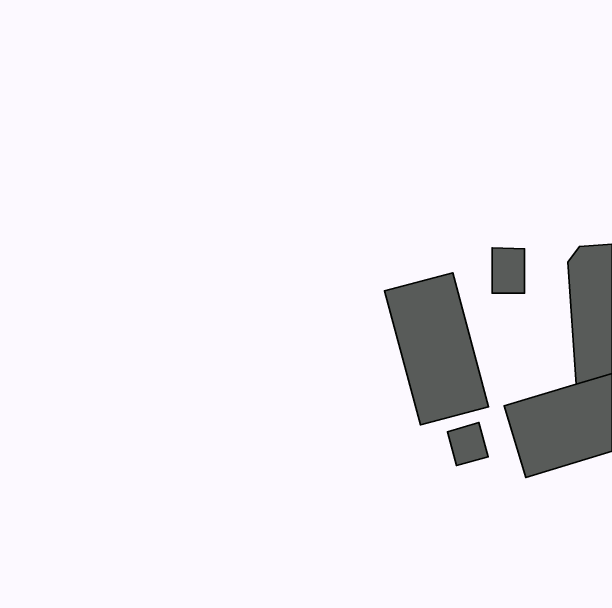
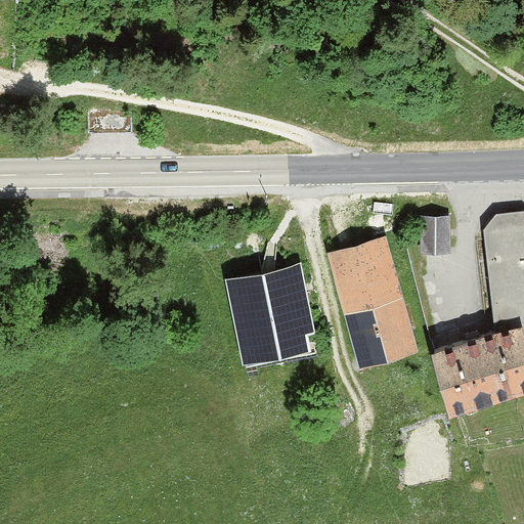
building: none -> [222,263,317,376]
building: [447,422,488,465] -> none

